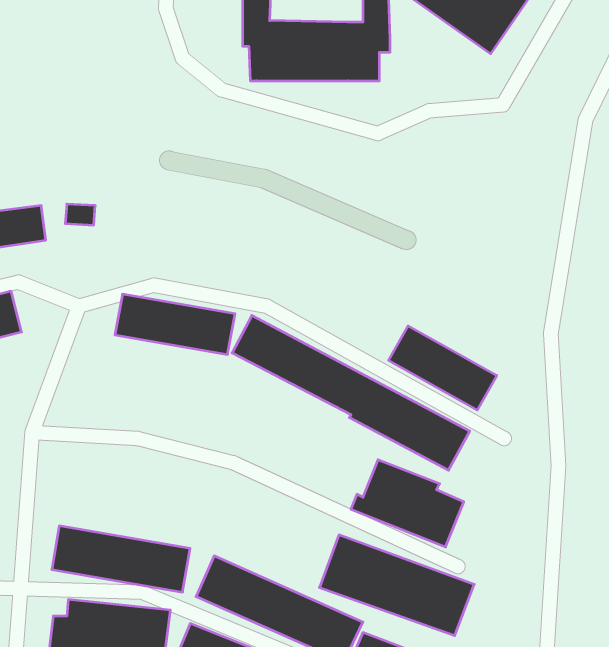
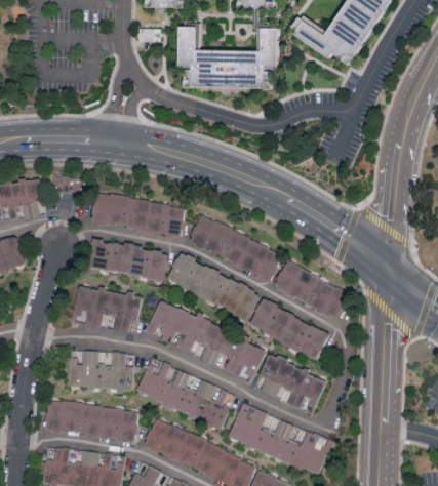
building: none -> [89,191,184,240]
building: none -> [187,215,282,283]
building: none -> [72,284,138,332]
building: none -> [145,298,264,379]
building: none -> [68,350,132,389]
building: none -> [135,359,234,426]

